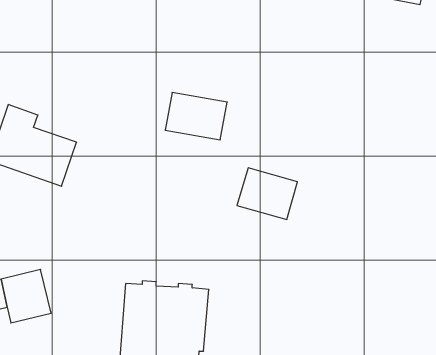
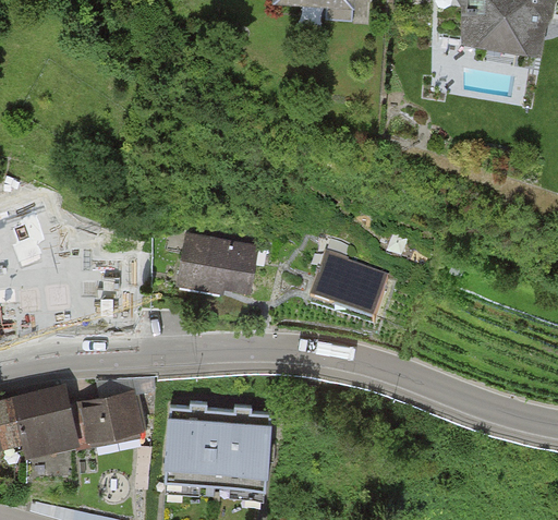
building: [165,92,227,140] -> [178,235,255,294]
building: none -> [69,392,140,442]

